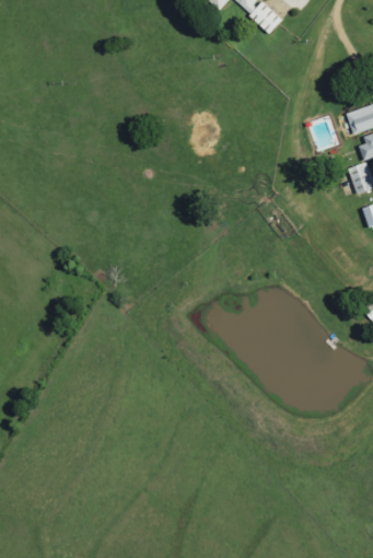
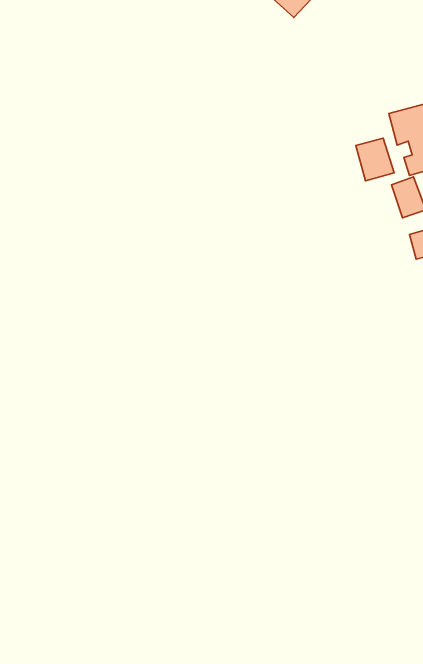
building: none -> [356,138,394,181]

